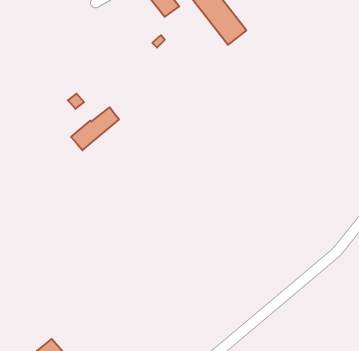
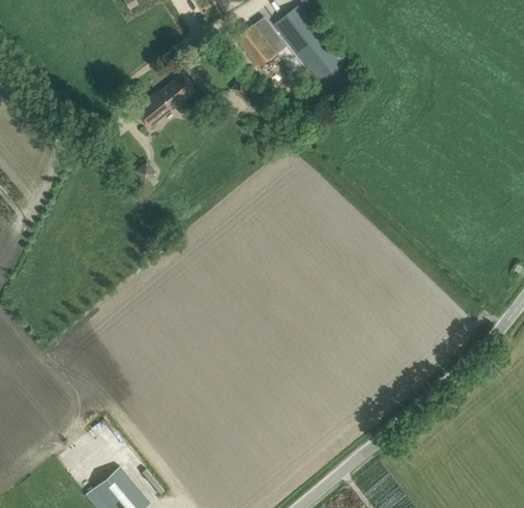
building: [71,107,119,150] -> [134,75,194,128]

